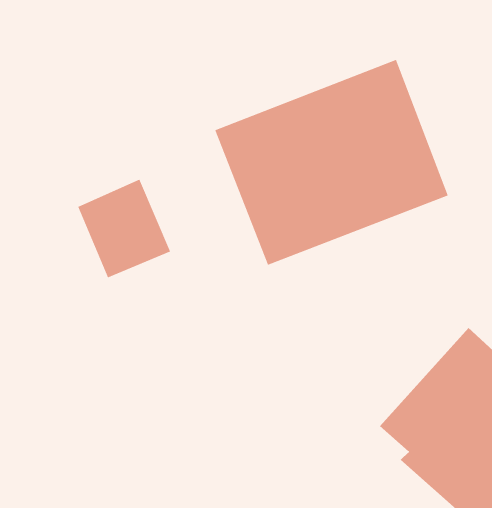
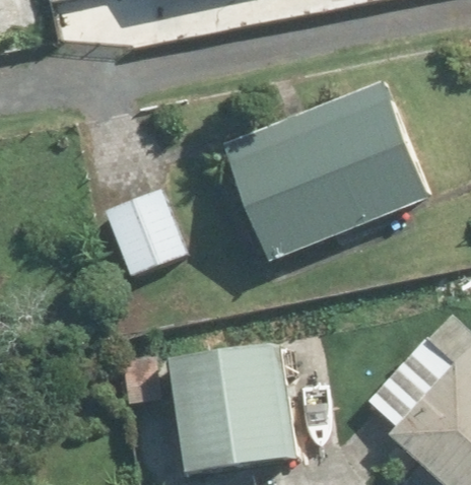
building: none -> [177,337,298,470]

